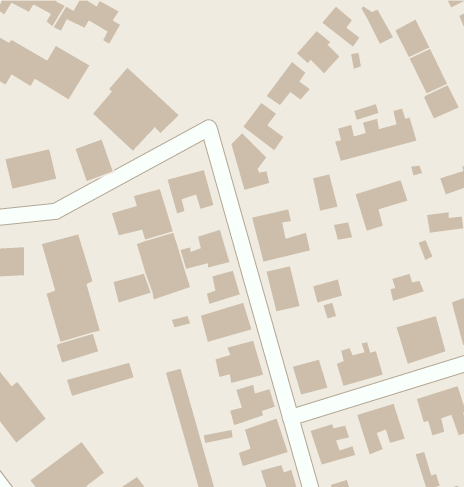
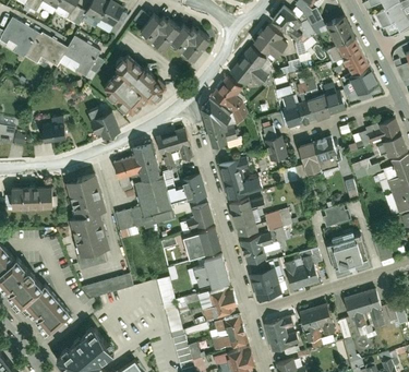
building: none -> [136,12,208,60]
building: none -> [243,238,265,266]

